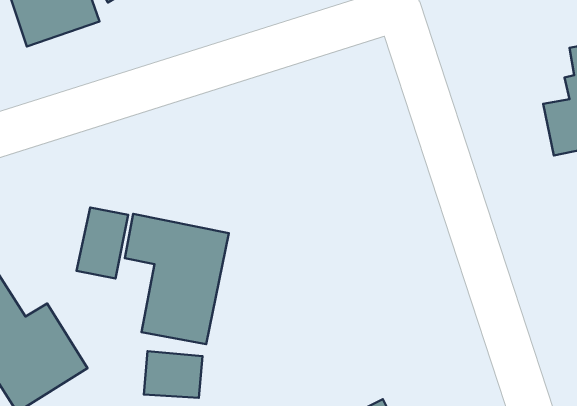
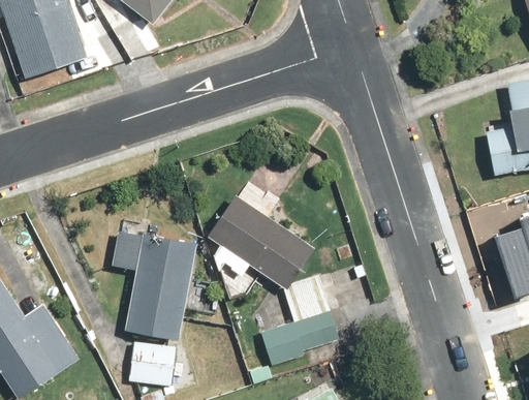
building: none -> [209,192,317,289]
building: [76,207,128,279] -> none
building: none -> [247,287,338,387]

